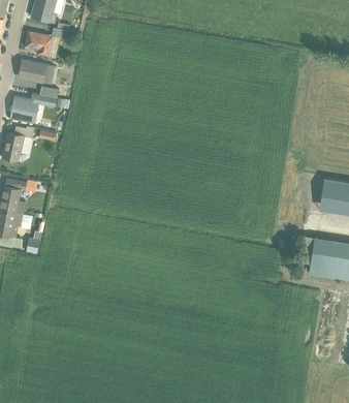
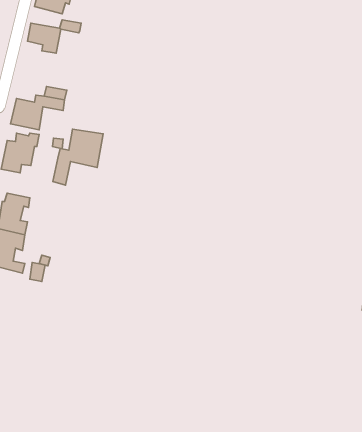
building: [18,58,54,82] -> none
building: none -> [53,129,103,185]

